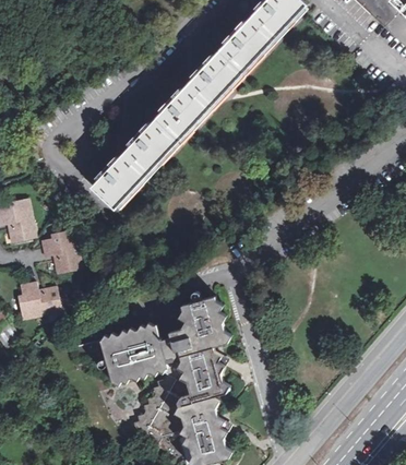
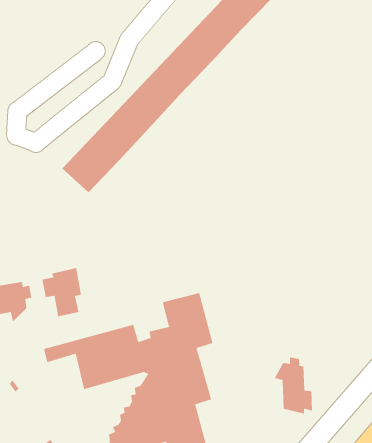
building: [43,228,79,273] -> [41,267,82,317]
building: none -> [274,357,313,415]

